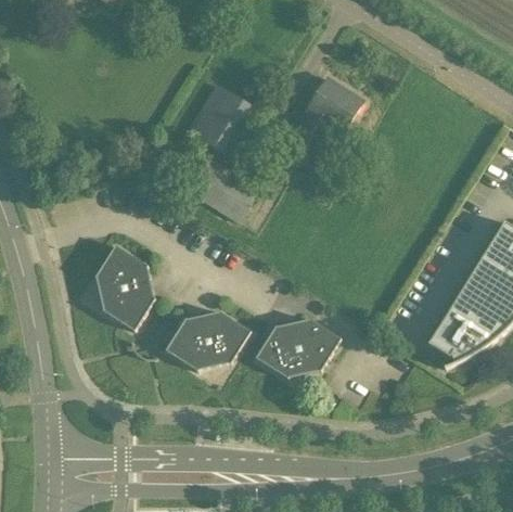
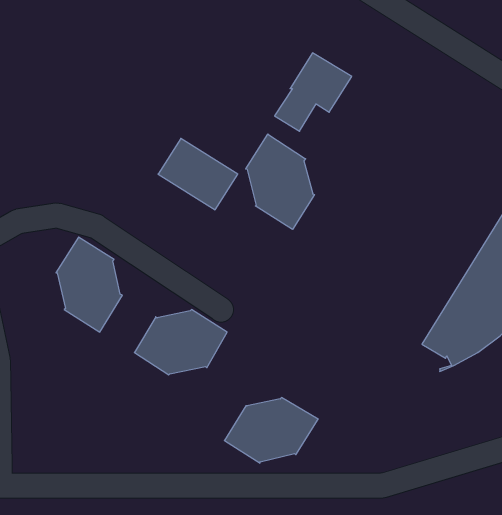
building: [189,82,253,150] -> none
building: none -> [246,134,314,229]
building: [256,318,342,377] -> [224,398,318,463]

